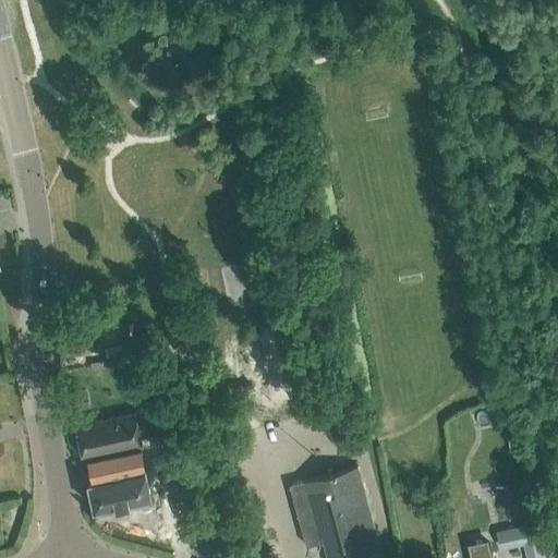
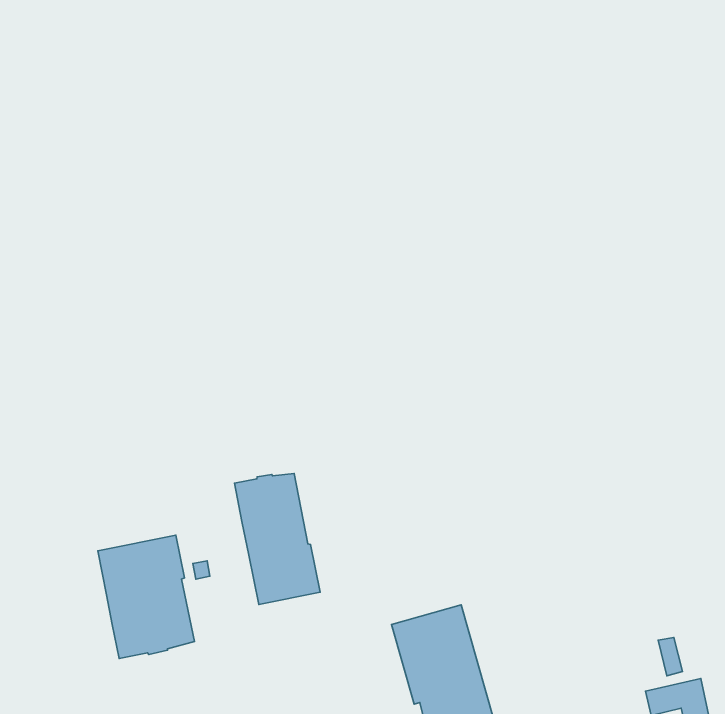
building: none -> [234,473,320,605]

